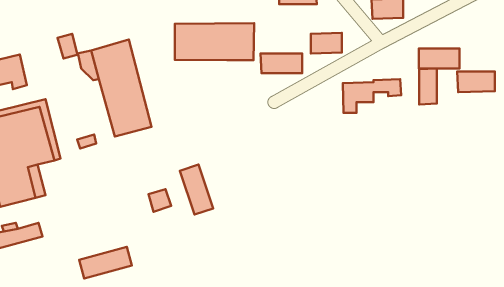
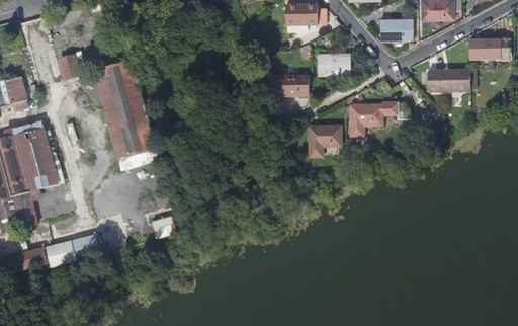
building: [175,23,254,60] -> none
building: [419,68,437,104] -> none
building: [457,71,495,92] -> [468,39,507,61]
building: none -> [309,127,340,158]
building: [180,164,213,215] -> none
building: [79,247,132,279] -> [45,235,98,267]

